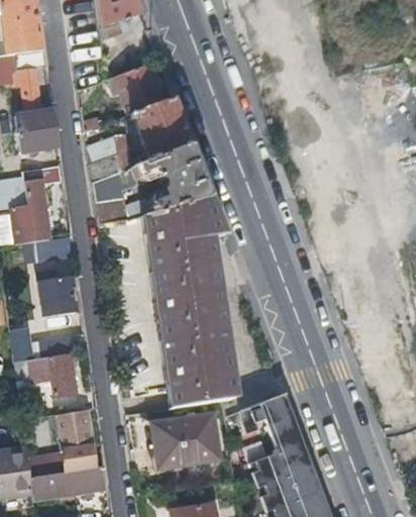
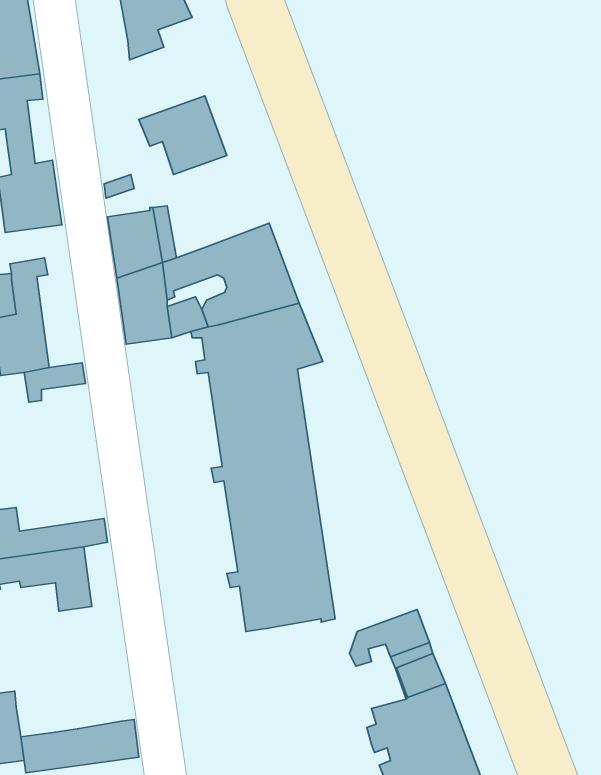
building: [132,100,191,162] -> none
building: [42,272,78,316] -> none
building: [28,410,96,477] -> none
building: [153,416,219,467] -> none

